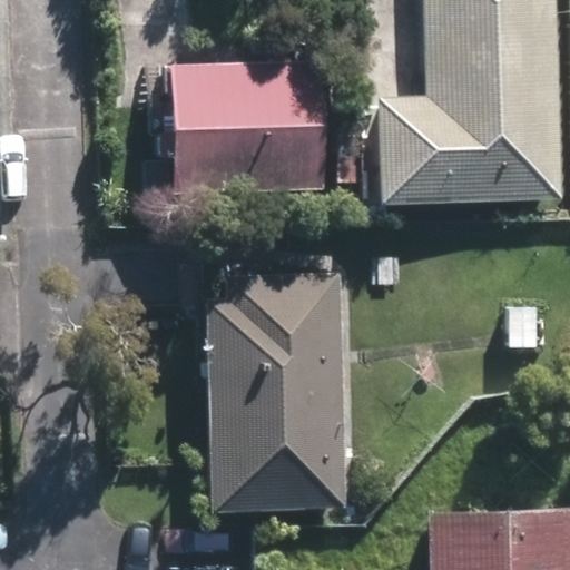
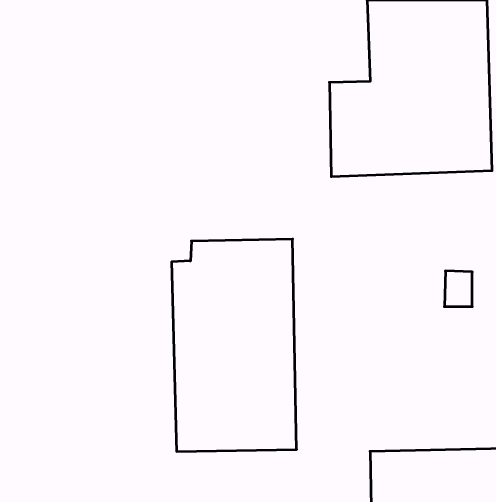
building: [167,62,324,191] -> none

